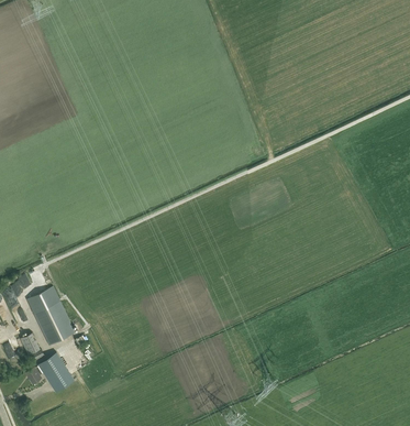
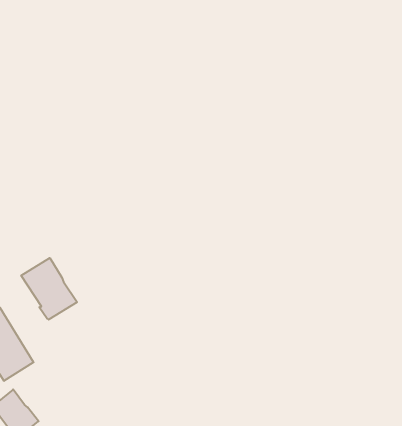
building: none -> [21,258,77,320]

